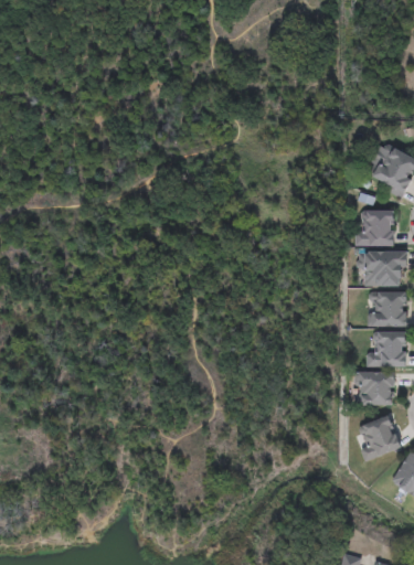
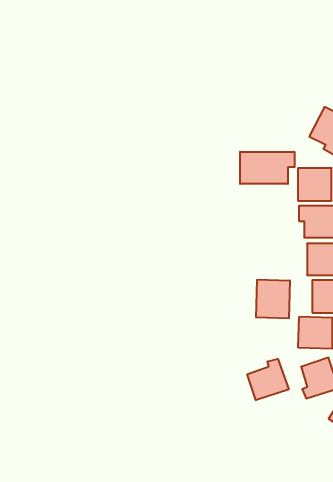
building: none -> [240,152,294,184]
building: none -> [256,280,290,318]
building: none -> [247,359,289,400]

